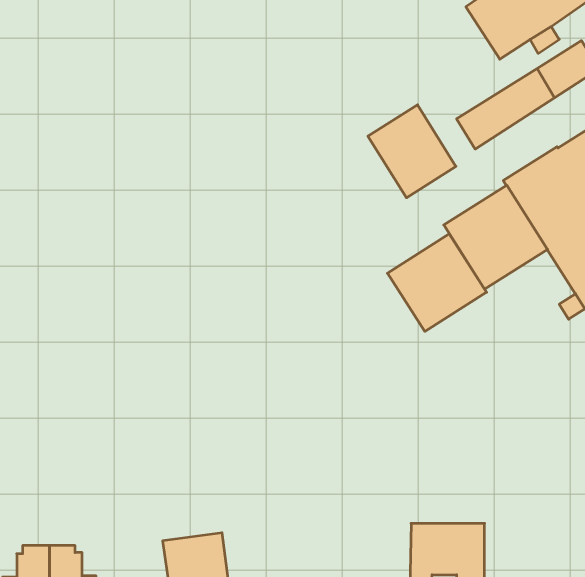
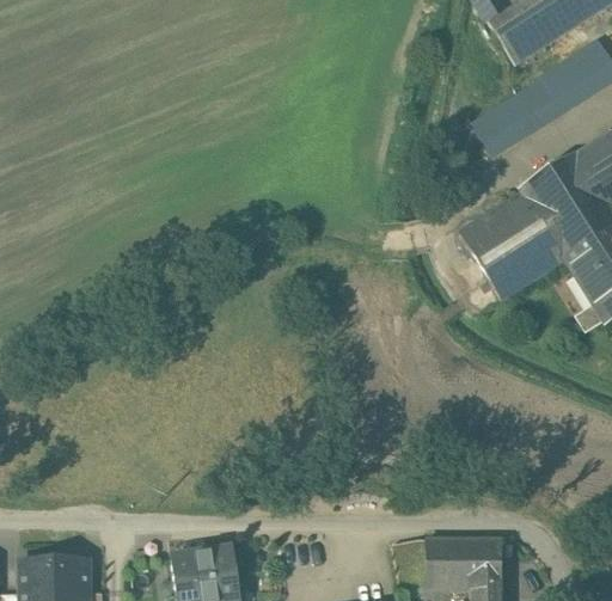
building: [368,105,456,198] -> none
building: [387,234,487,331] -> none

